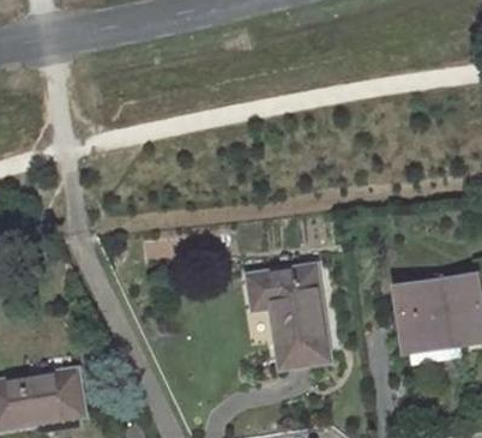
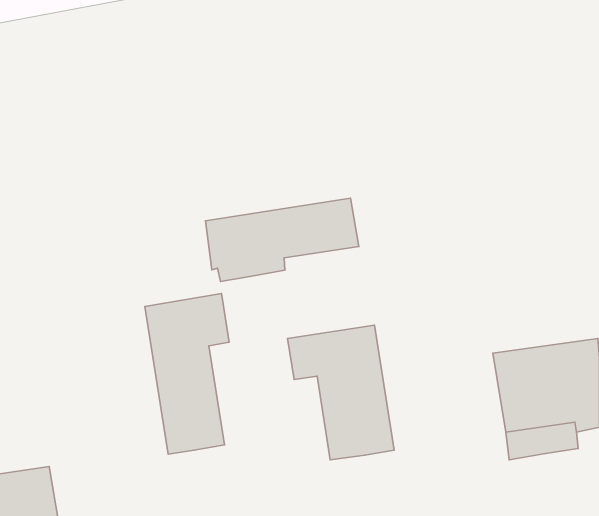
building: none -> [205,198,359,282]
building: none -> [145,294,229,454]

